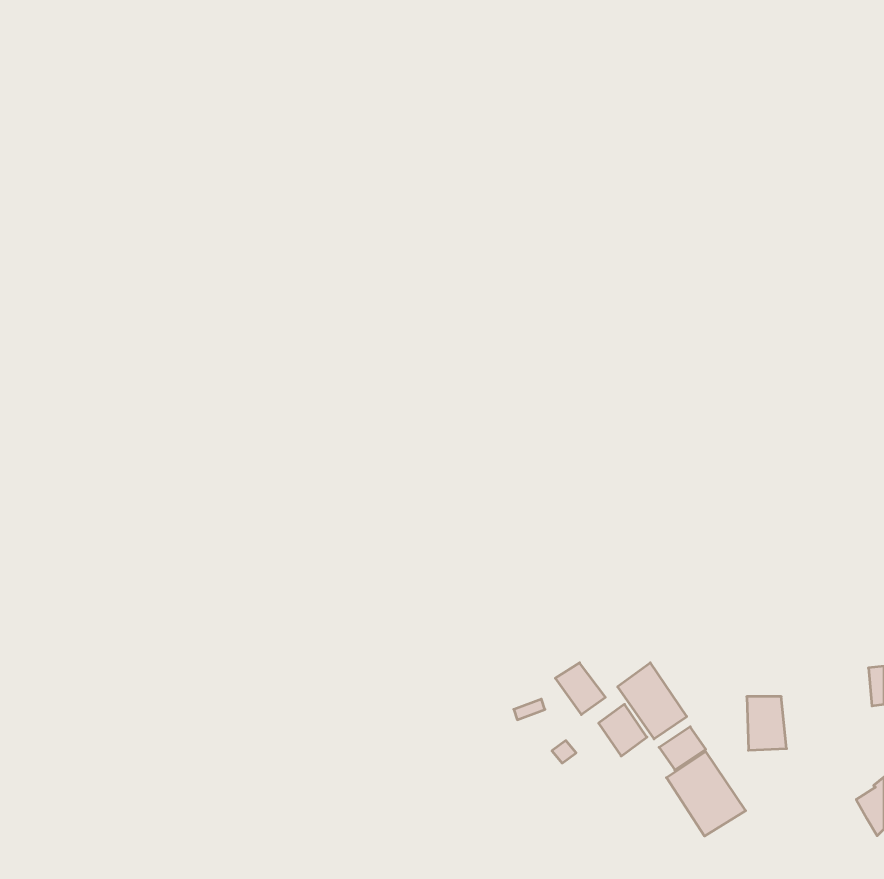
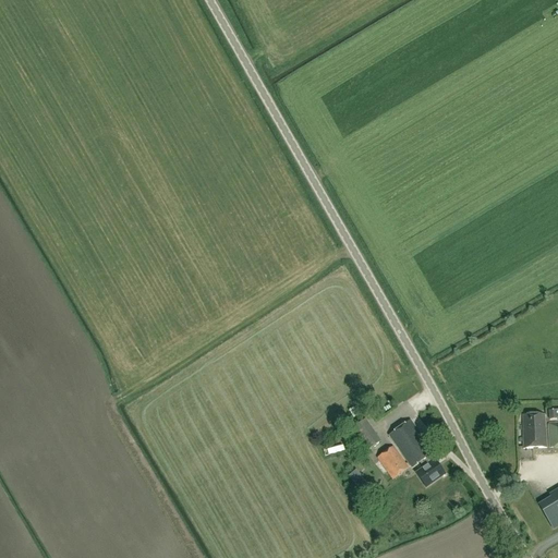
building: [747,697,787,750] -> [522,412,547,446]
building: [666,752,746,836] -> none

